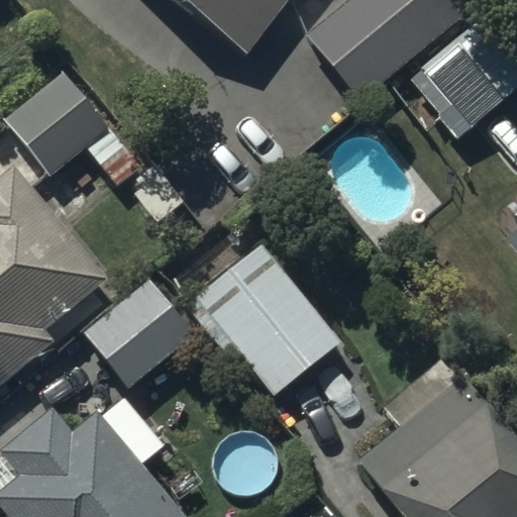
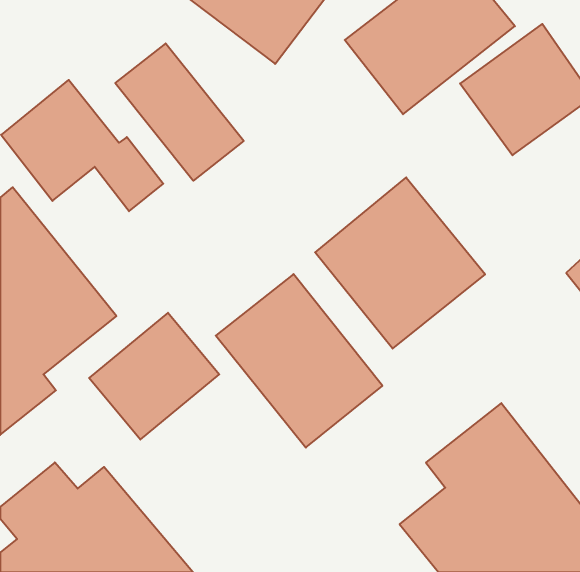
building: none -> [115,43,244,181]
building: none -> [315,177,485,349]

